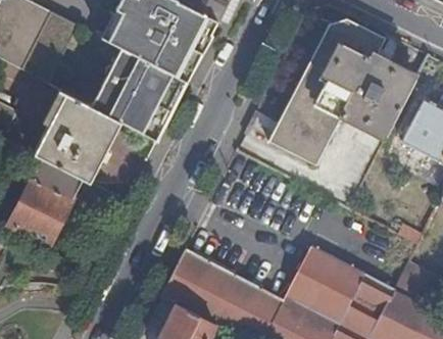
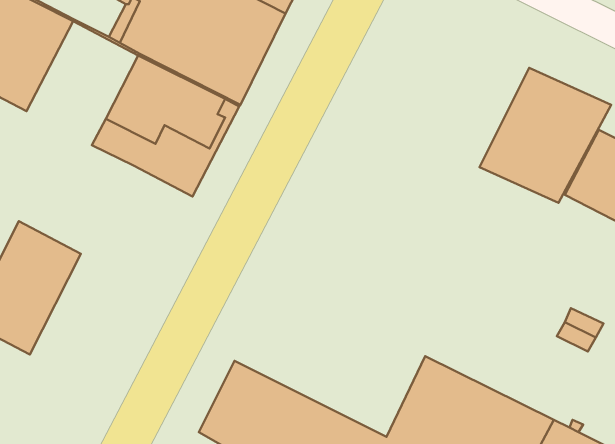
building: [269,20,386,168] -> none
building: [35,95,117,180] -> none

